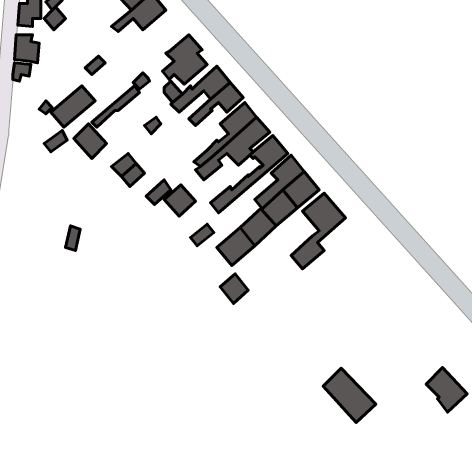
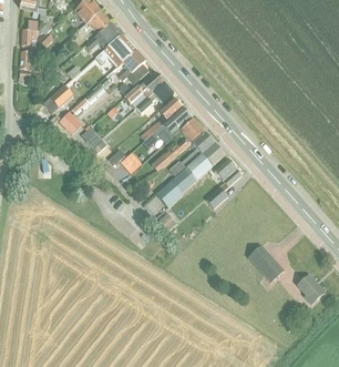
building: none -> [94,34,136,69]
building: [323,368,376,422] -> [248,245,284,282]

